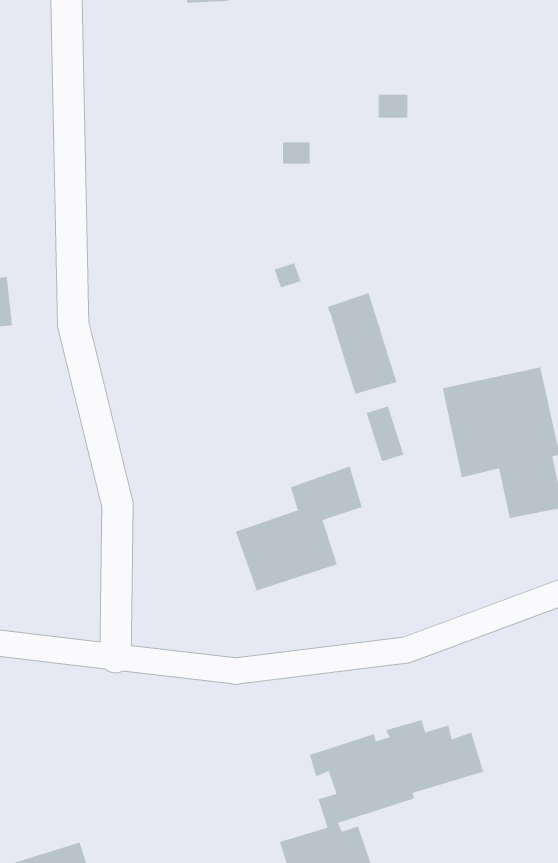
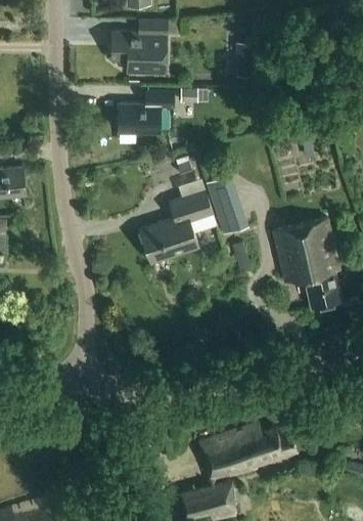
building: none -> [110,21,166,73]
building: none -> [117,90,172,133]
building: [235,466,363,591] -> [142,189,216,262]

